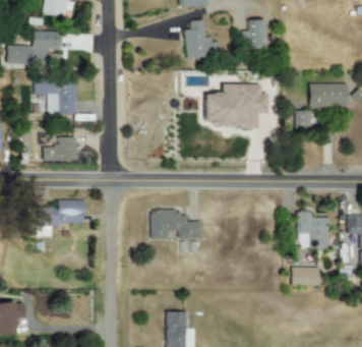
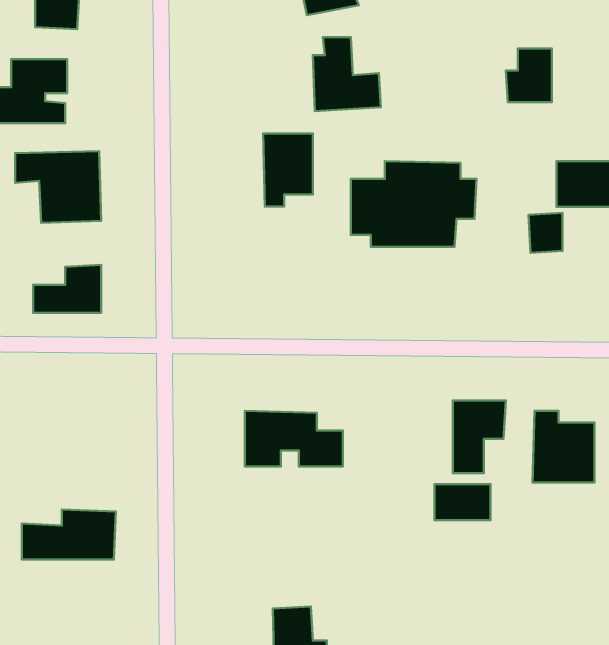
building: [243,19,266,47] -> [506,48,552,102]
building: none -> [263,134,313,207]
building: [39,199,86,225] -> [22,510,116,560]
building: none -> [453,400,506,473]
building: [291,267,319,285] -> [435,484,491,520]

